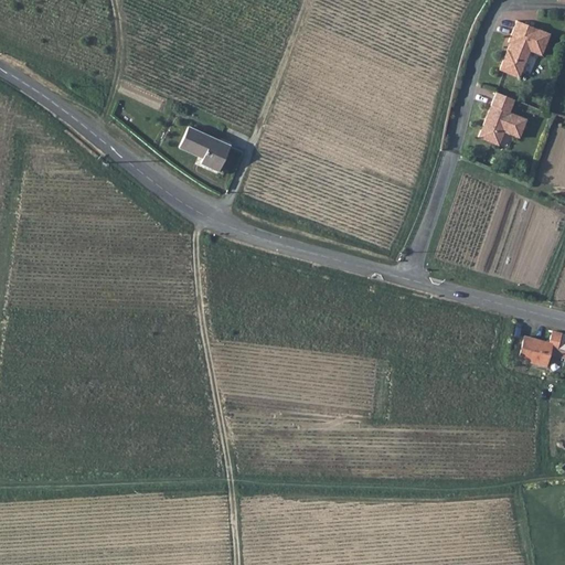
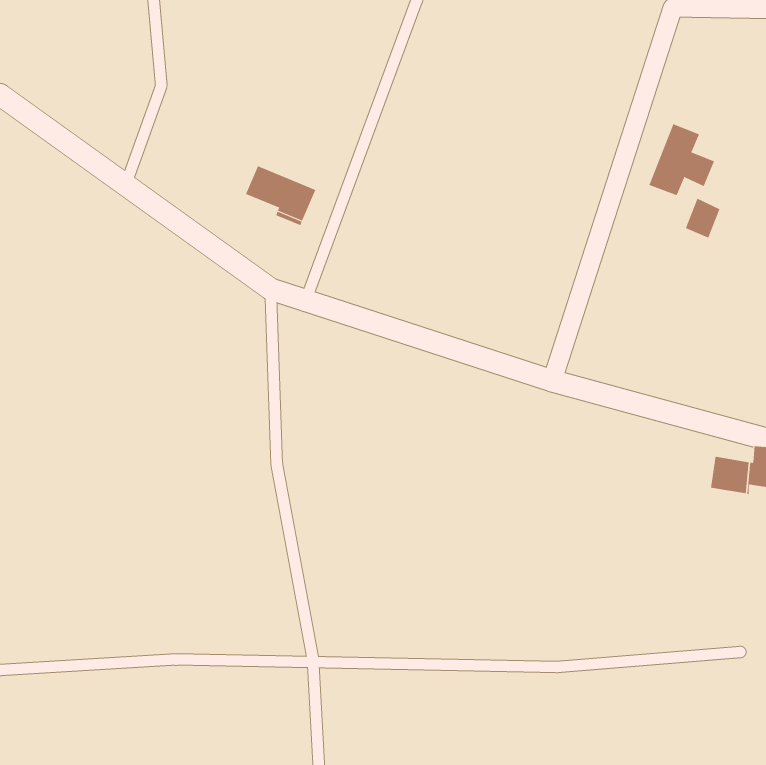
building: [499,22,548,79] -> none
building: none -> [685,198,720,238]

